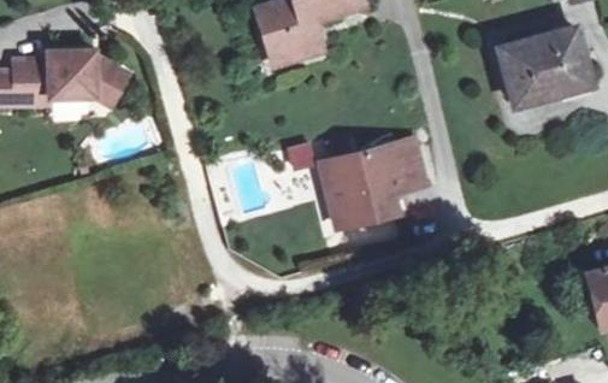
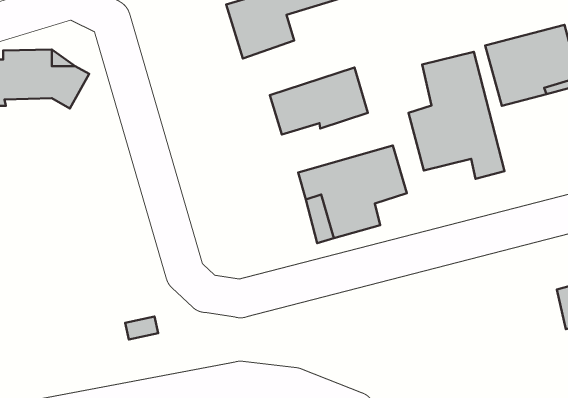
building: none -> [408,52,505,179]
building: none -> [270,67,368,134]

